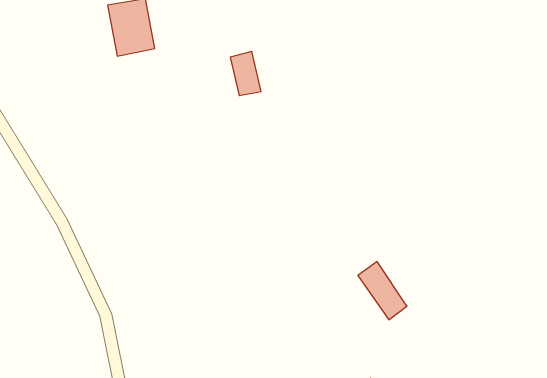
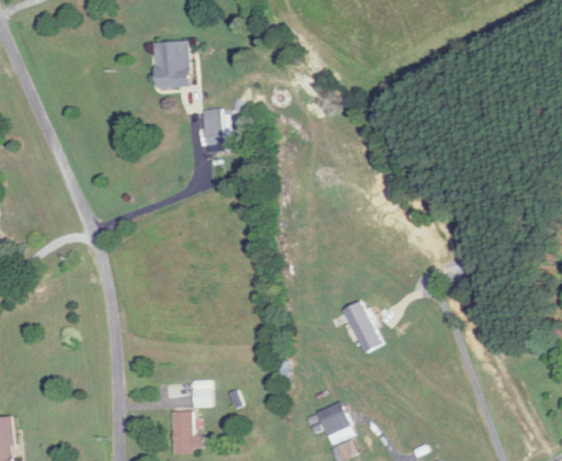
building: [230,52,261,96] -> [202,108,225,145]

